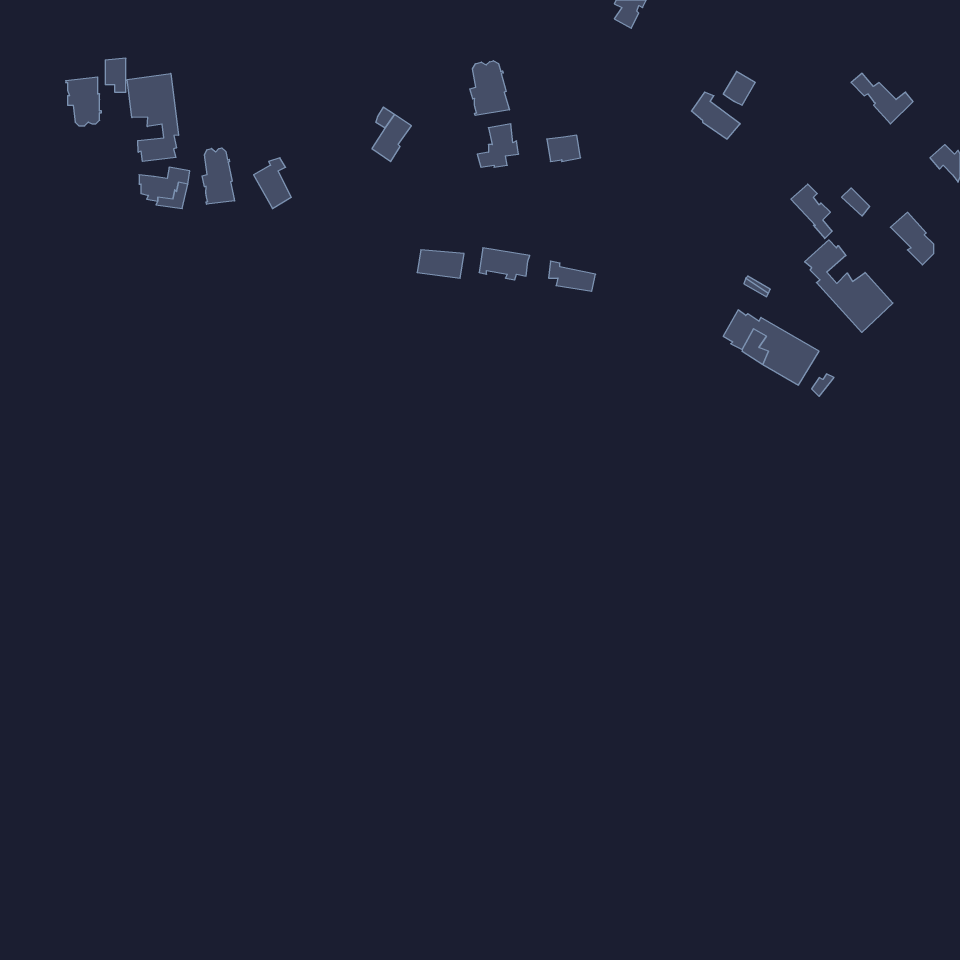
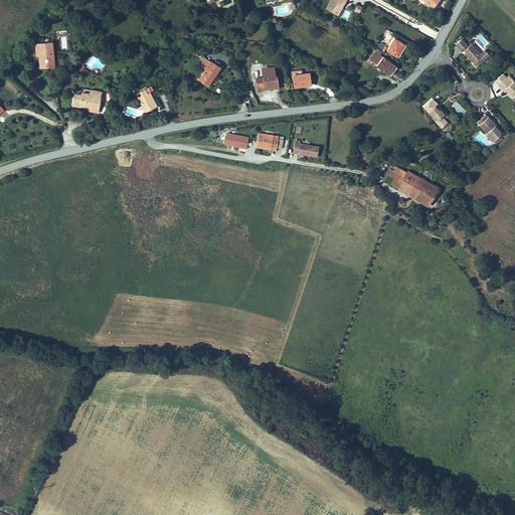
building: [470,61,509,115] -> none
building: [127,73,179,161] -> none
building: [202,148,235,204] -> none
building: [805,240,893,332] -> none

